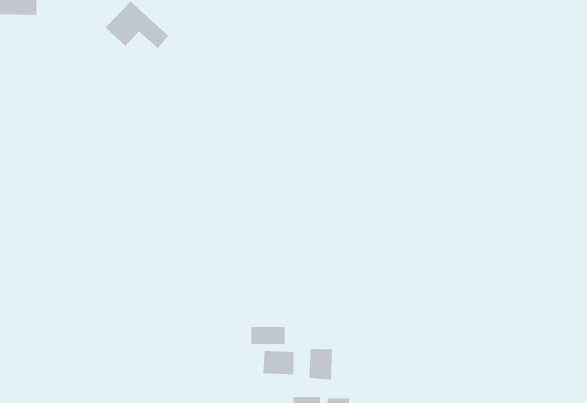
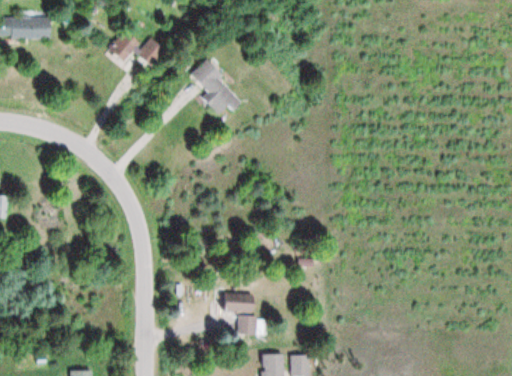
building: none -> [189,61,245,115]
building: [309,348,333,380] -> none

